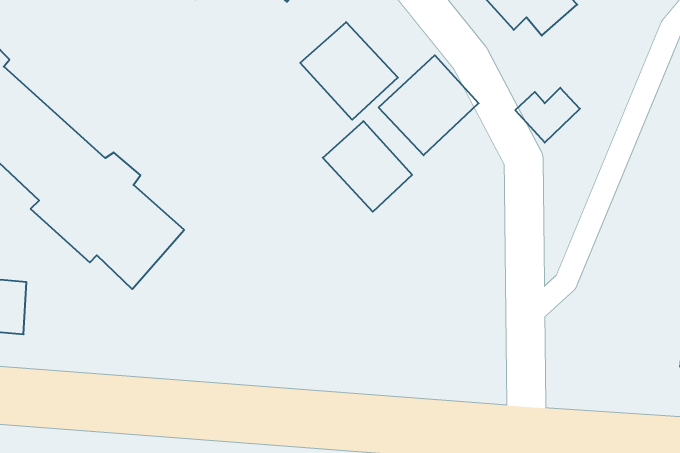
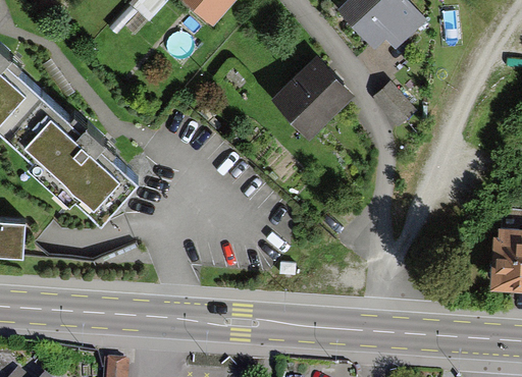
building: [300,22,398,120] -> none
building: [323,121,412,212] -> none

